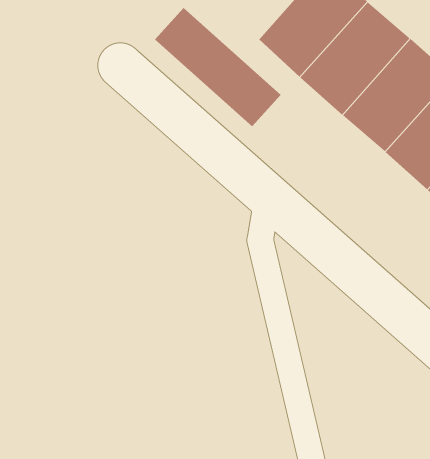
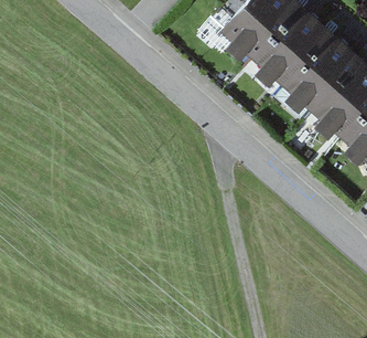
building: [154,7,281,127] -> none

